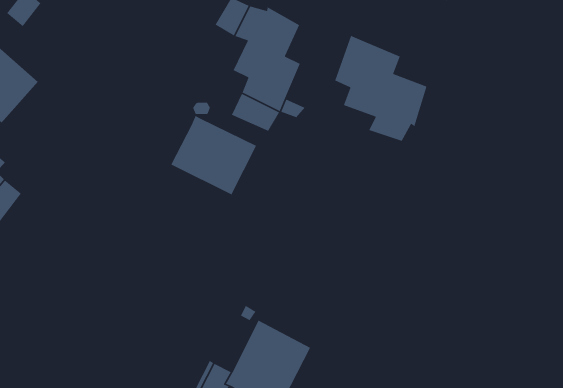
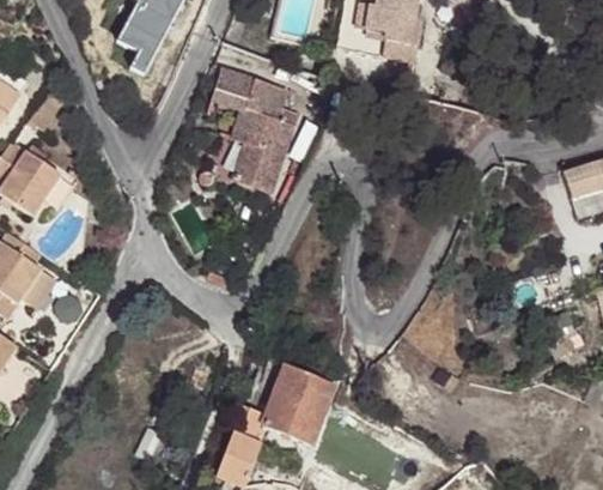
building: [334,35,427,142] -> none
building: [170,115,257,195] -> none

